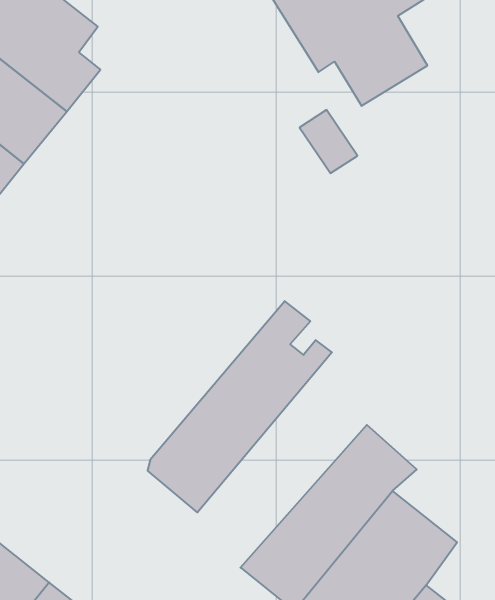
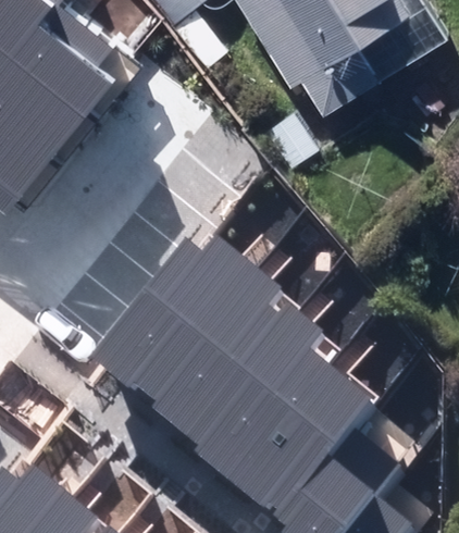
building: none -> [87,228,262,397]
building: none -> [191,310,328,484]

